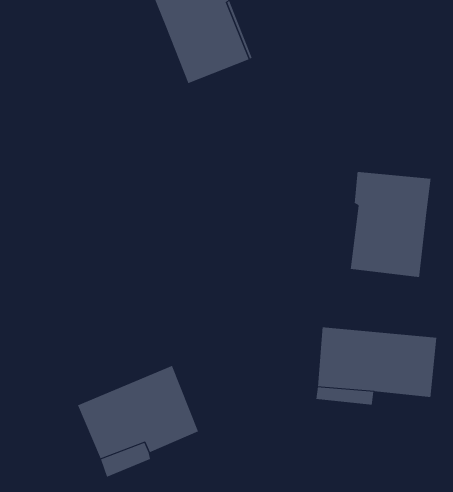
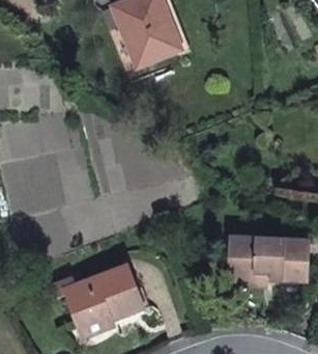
building: [350,171,431,278] -> none

